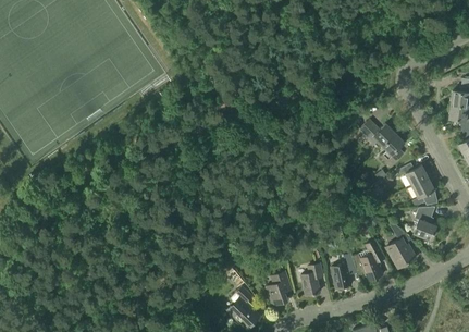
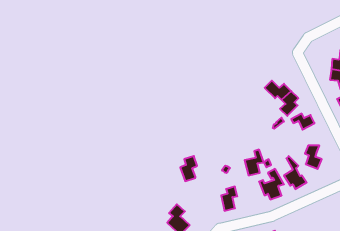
building: [411,177,436,206] -> none
building: [331,254,357,288] -> [245,150,264,175]
building: [267,272,289,306] -> [180,156,197,181]

